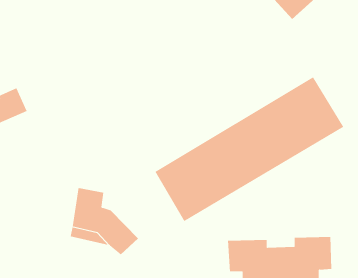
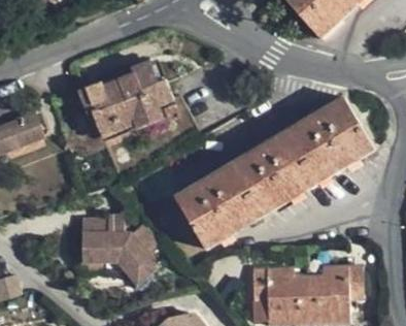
building: none -> [77,61,173,137]

